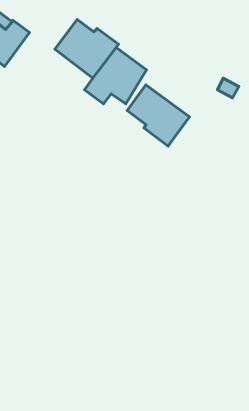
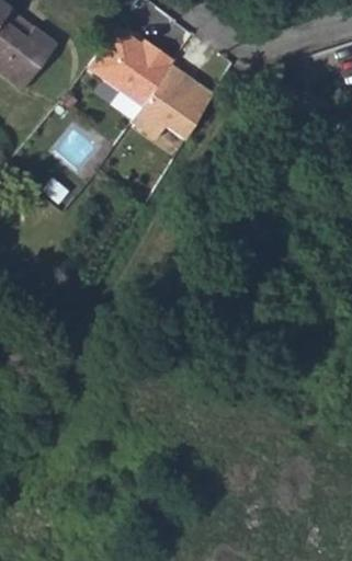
building: [127,85,190,146] -> none

